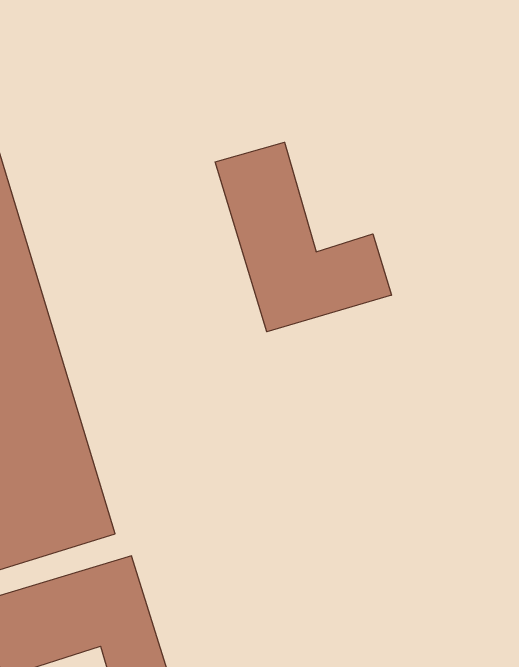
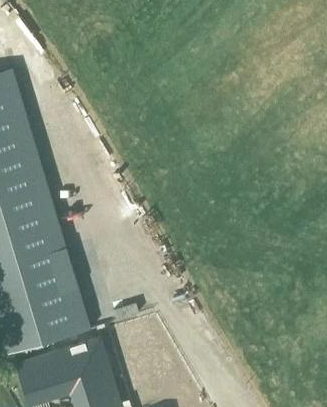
building: [215,142,391,332] -> none

